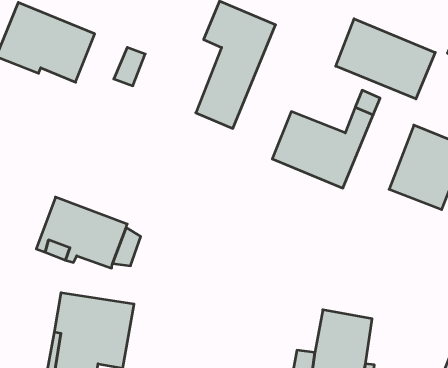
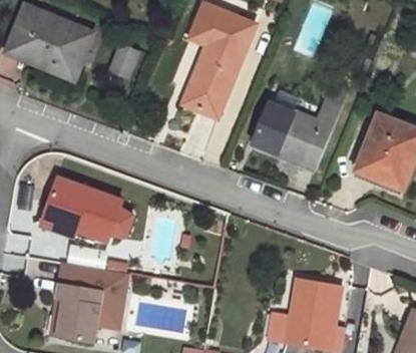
building: [336,19,435,99] -> none

